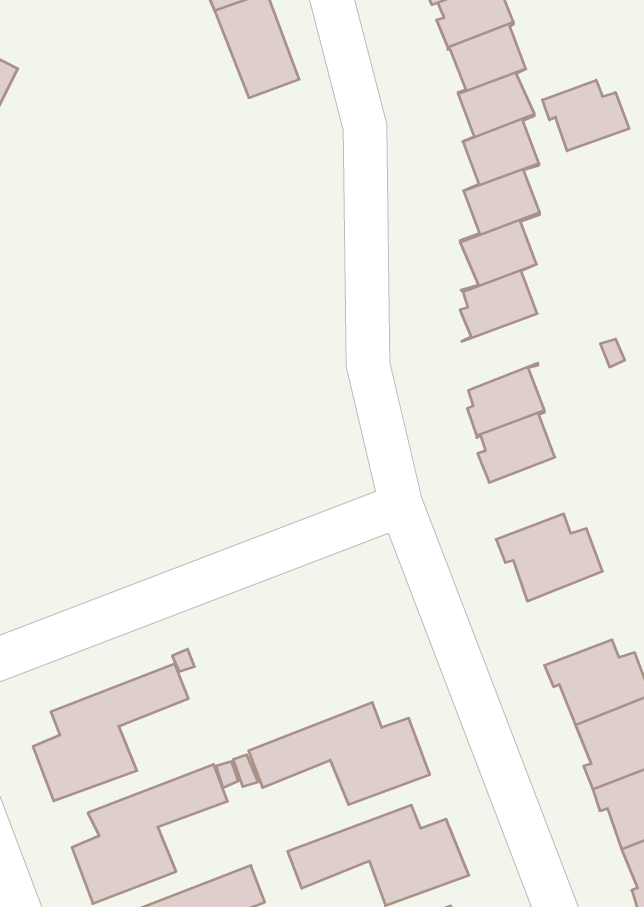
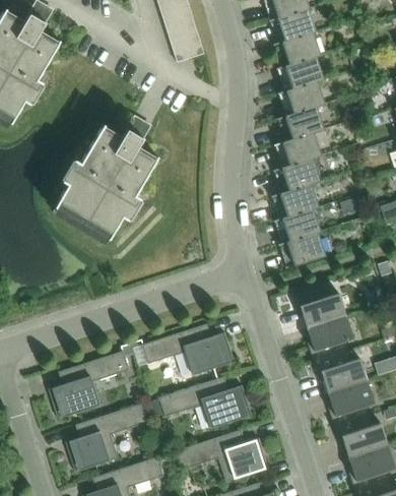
building: [542,80,629,151] -> none
building: none -> [54,118,158,243]
building: none -> [279,181,321,219]
building: none -> [307,315,353,362]
building: none -> [142,323,235,375]

